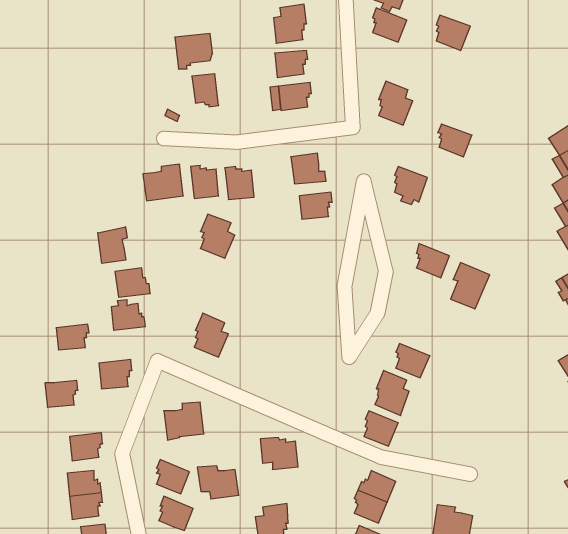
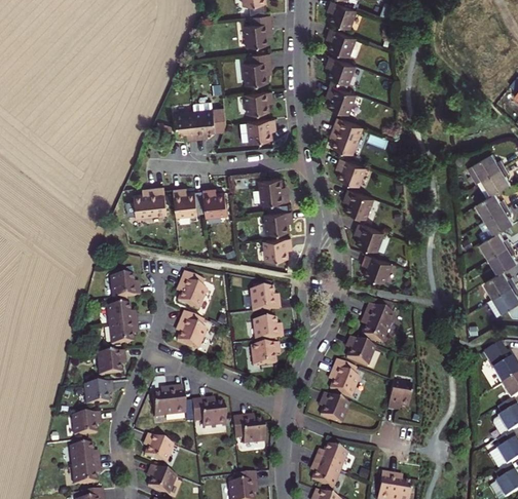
building: [436,15,470,51] -> [328,83,357,113]
building: [175,34,213,69] -> [194,107,226,137]
building: [438,124,472,157] -> [337,157,366,185]
building: none -> [357,222,384,251]
building: [200,214,235,258] -> [178,272,207,309]
building: none -> [263,236,291,260]
building: [98,227,127,263] -> none
building: [451,263,490,309] -> [361,304,394,343]
building: none -> [250,283,279,311]
building: none -> [253,317,282,340]
building: [56,324,89,350] -> [109,322,137,344]
building: none -> [251,343,279,366]
building: [45,380,78,407] -> [83,382,111,405]
building: none -> [387,381,411,409]
building: [197,466,239,499] -> [191,401,226,429]

